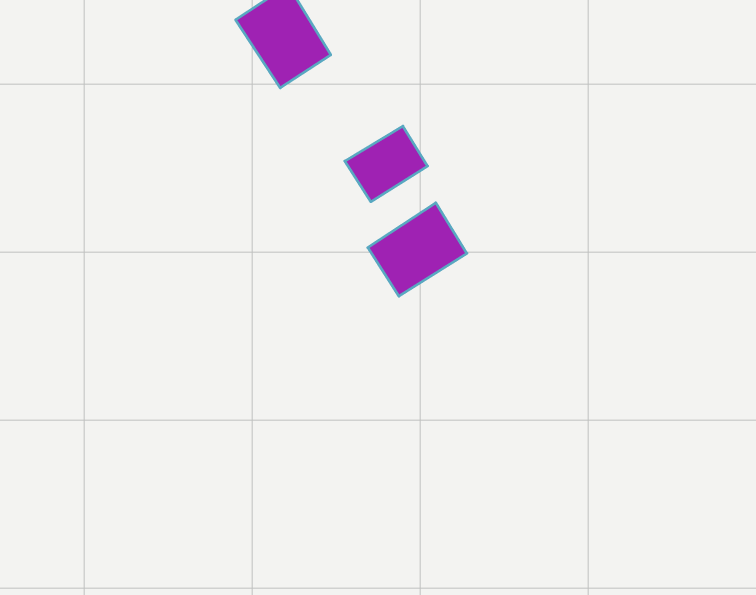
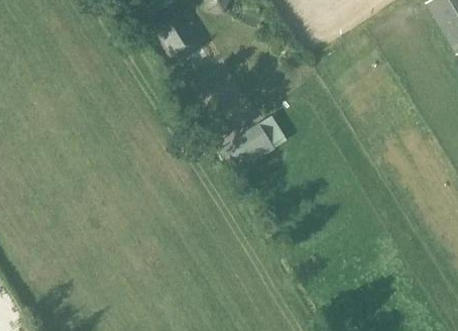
building: [345,126,428,202] -> none

